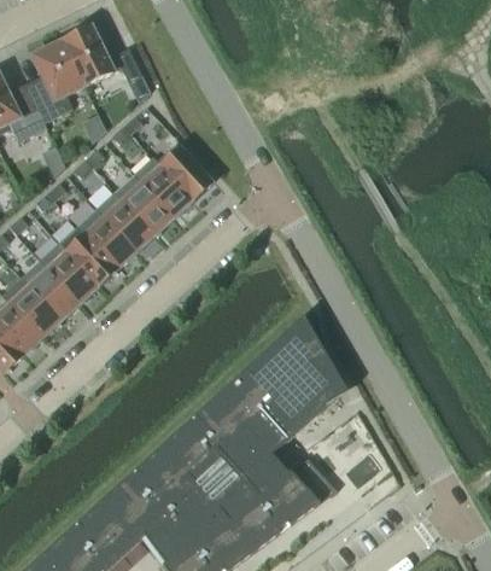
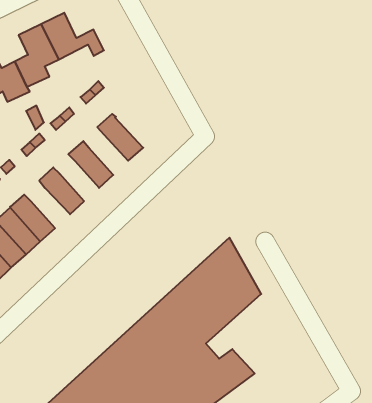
building: [156,144,211,200] -> none
building: [115,174,173,235] -> none
building: [76,209,135,269] -> none
building: [39,243,98,304] -> none

